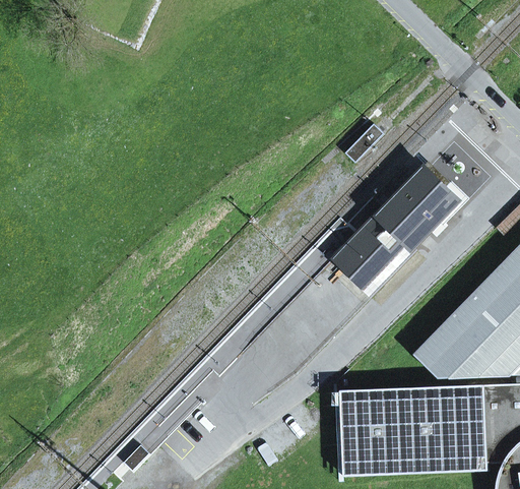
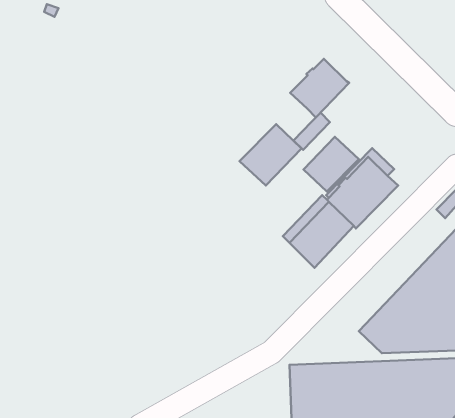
building: none -> [290,59,349,117]
building: none -> [239,124,302,186]
building: none -> [303,137,359,192]

